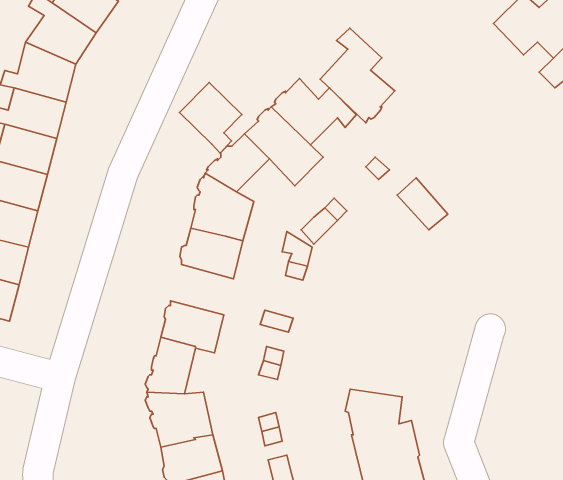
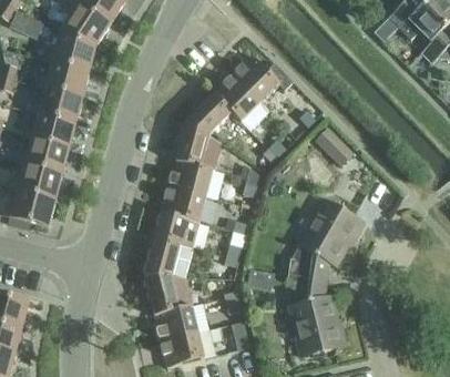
building: [320,28,395,123] -> none
building: [179,83,242,153] -> none
building: none -> [162,186,206,222]
building: none -> [288,200,360,279]

